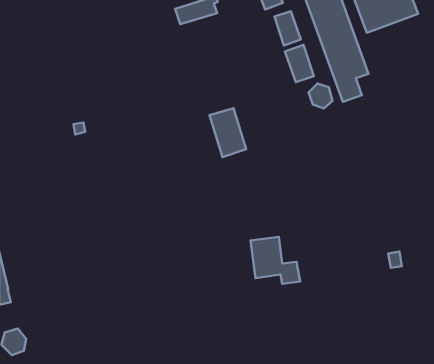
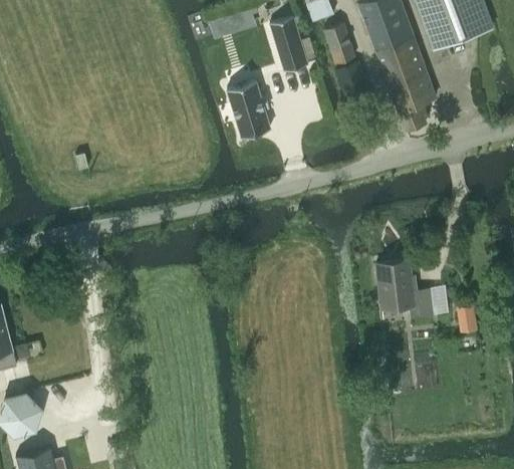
building: none -> [270,16,307,71]
building: [309,84,333,108] -> none
building: [210,108,246,157] -> [227,80,270,138]
building: [250,237,300,284] -> [375,260,434,315]

